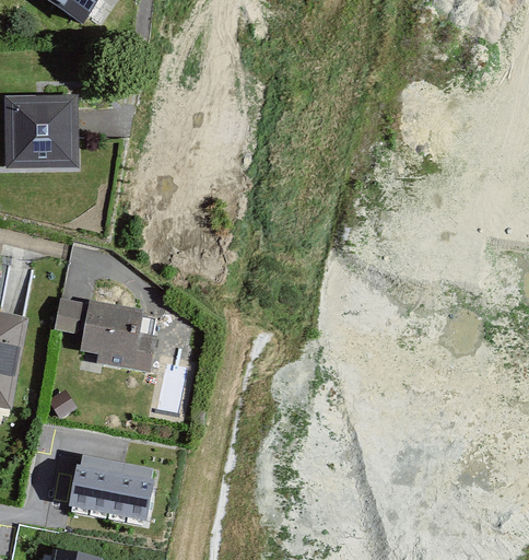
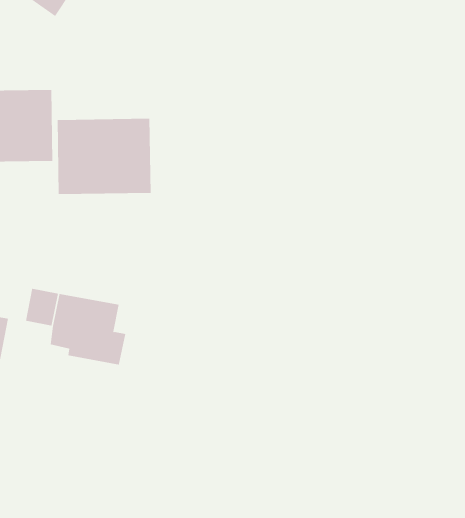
building: none -> [57,118,151,195]
building: [67,462,153,520] -> none

